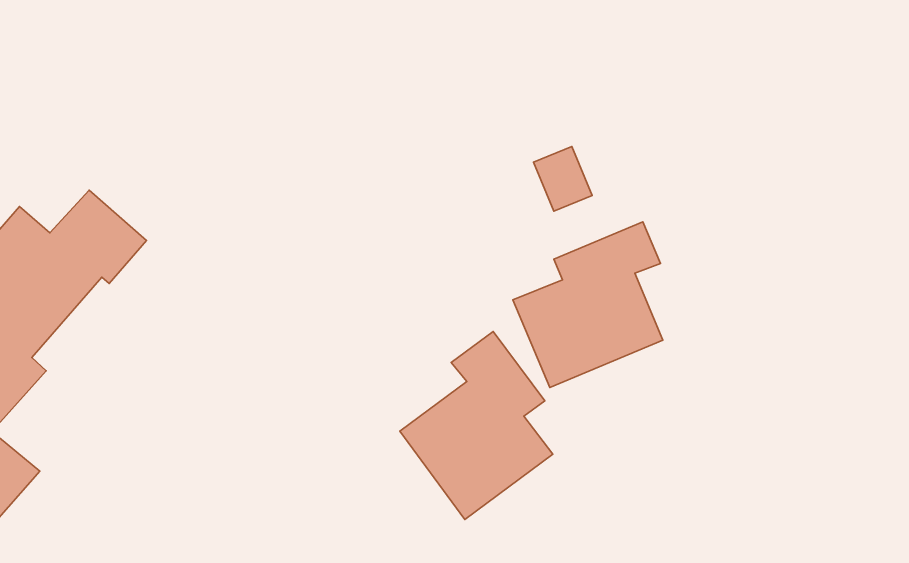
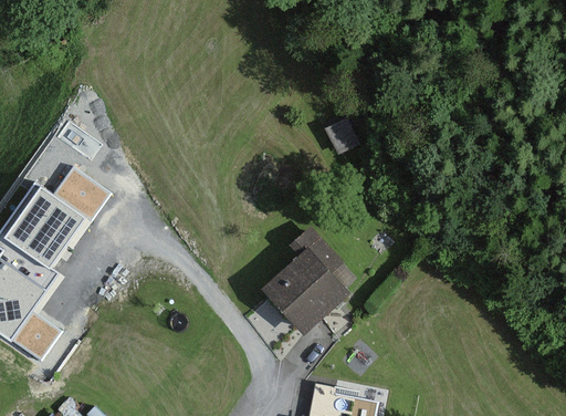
building: [513,222,663,388] -> none

